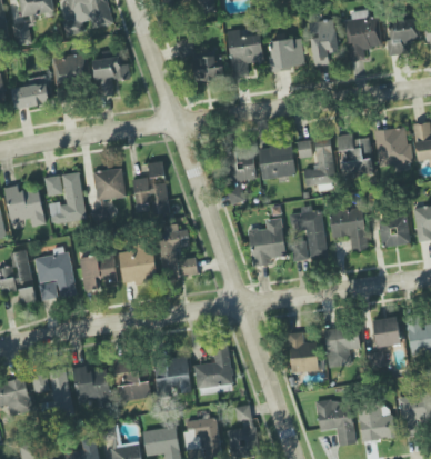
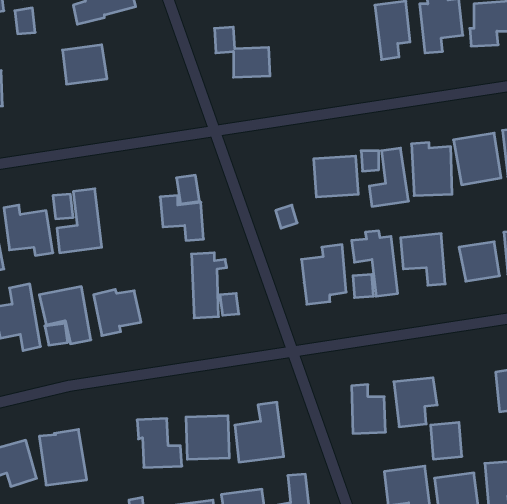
building: [227,29,262,76] -> none
building: [269,38,302,69] -> none
building: [91,56,130,97] -> none
building: [11,82,49,109] -> none
building: [225,150,254,180] -> none
building: [90,168,124,220] -> none
building: [117,246,157,285] -> none
building: [373,317,399,347] -> [431,422,462,459]
building: [72,366,111,407] -> none

